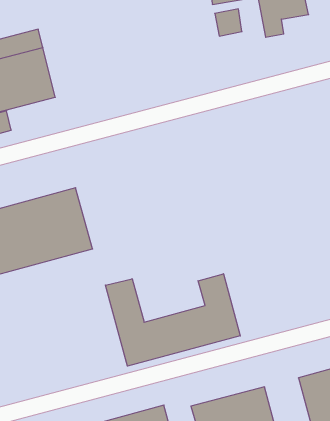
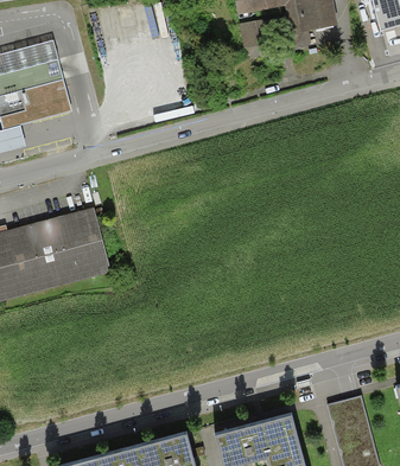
building: [105,274,240,366] -> none

